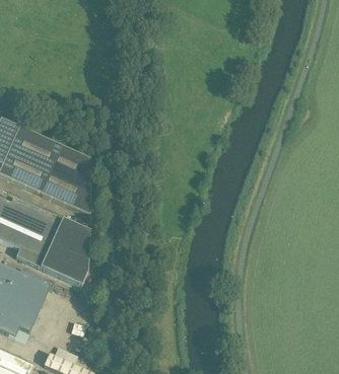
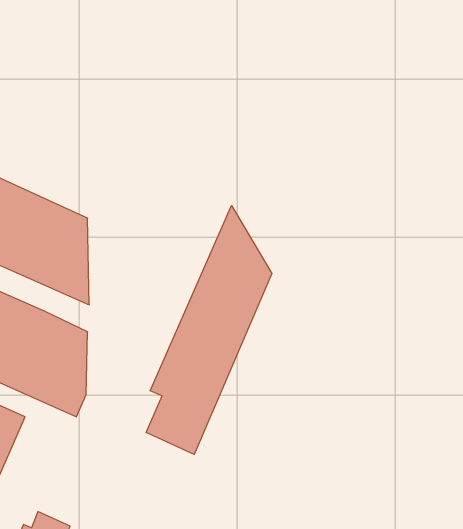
building: none -> [146,206,272,454]

